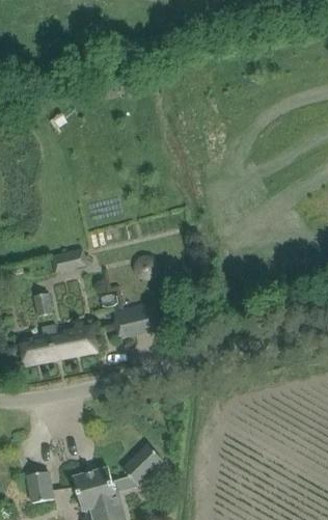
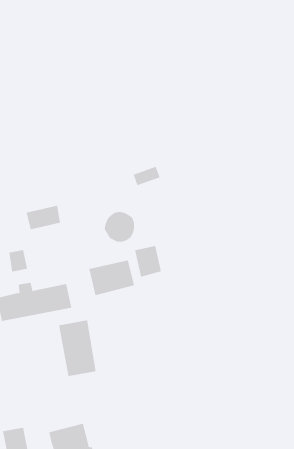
building: none -> [135,245,161,278]
building: none -> [59,320,96,377]
building: [121,444,162,485] -> none

